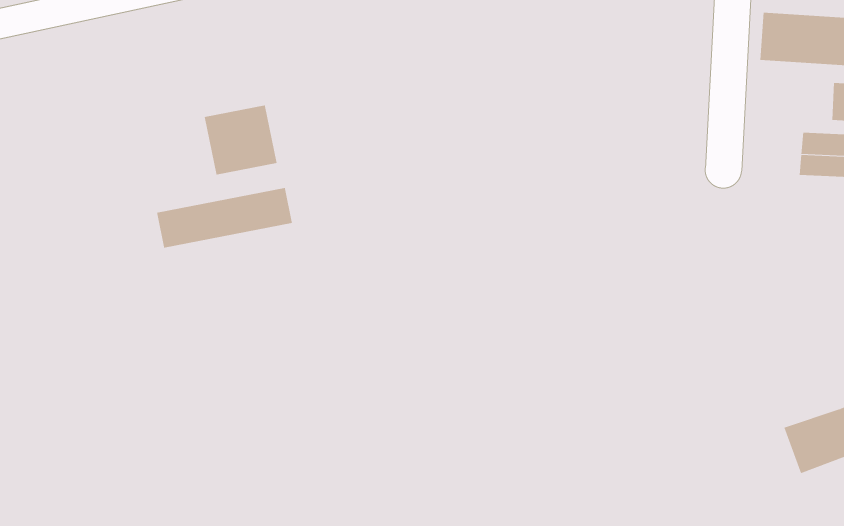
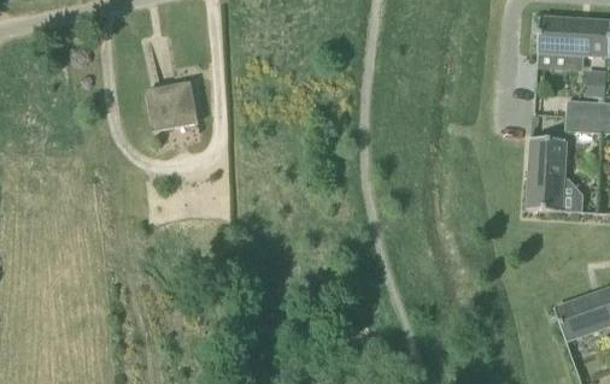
building: none -> [528,136,567,211]
building: [156,187,292,249] -> none

